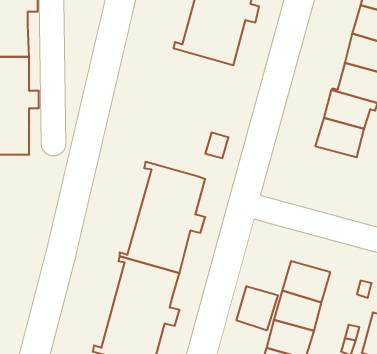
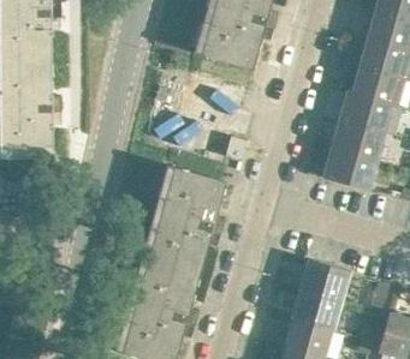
building: none -> [326,149,374,187]
building: [237,286,278,330] -> none

